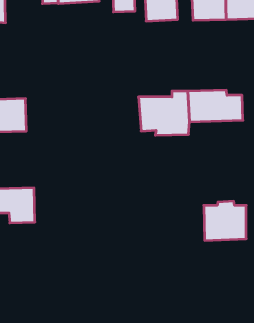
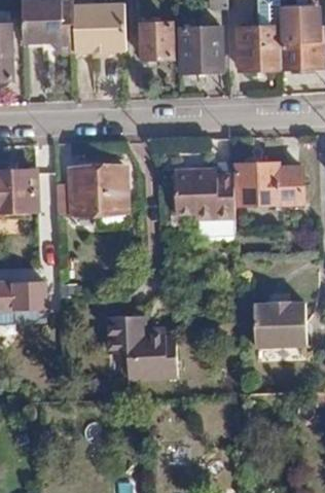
building: none -> [58,169,127,214]
building: none -> [106,315,177,379]

